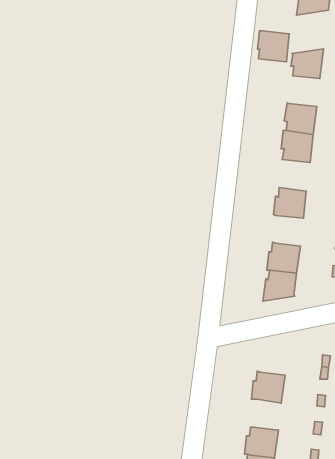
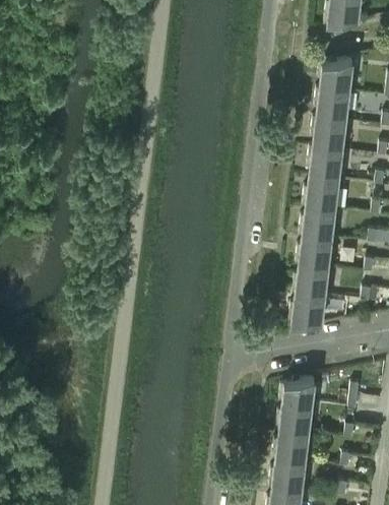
building: [258,31,289,62] -> [317,86,350,119]
building: none -> [305,175,340,208]
building: none -> [298,234,333,266]
building: none -> [281,377,317,402]
building: none -> [274,428,310,460]

